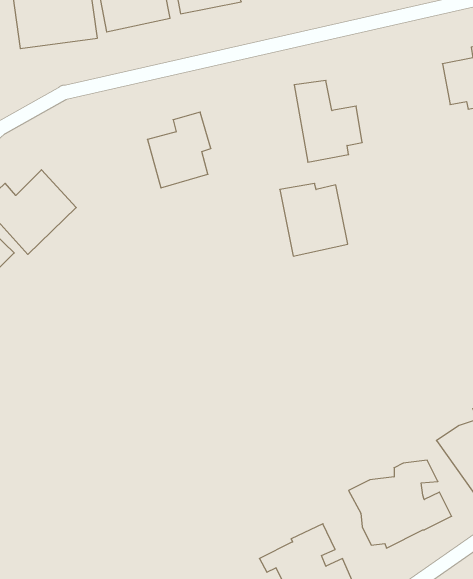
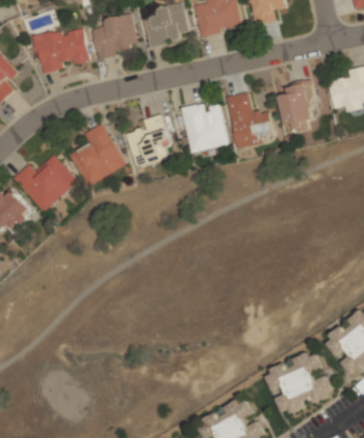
building: none -> [279,79,314,134]
building: none -> [69,122,124,185]
building: [280,183,348,256] -> [180,103,227,153]

